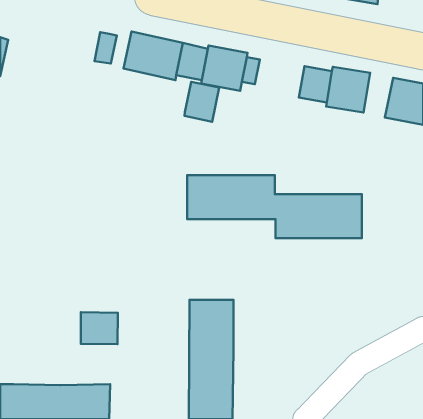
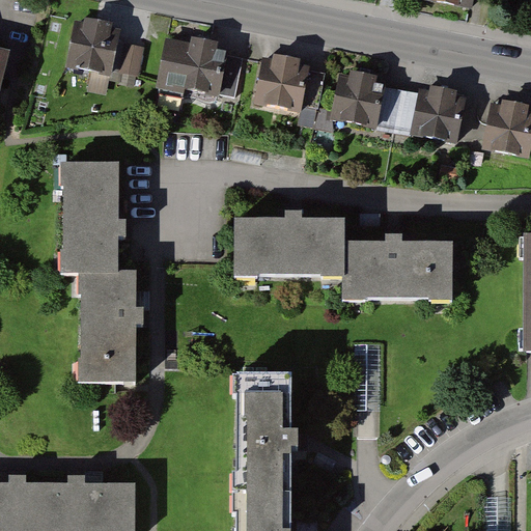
building: none -> [66,13,122,73]
building: none -> [328,72,383,127]
building: [184,82,219,122] -> none
building: none -> [59,163,135,379]
building: [81,312,118,344] -> none

